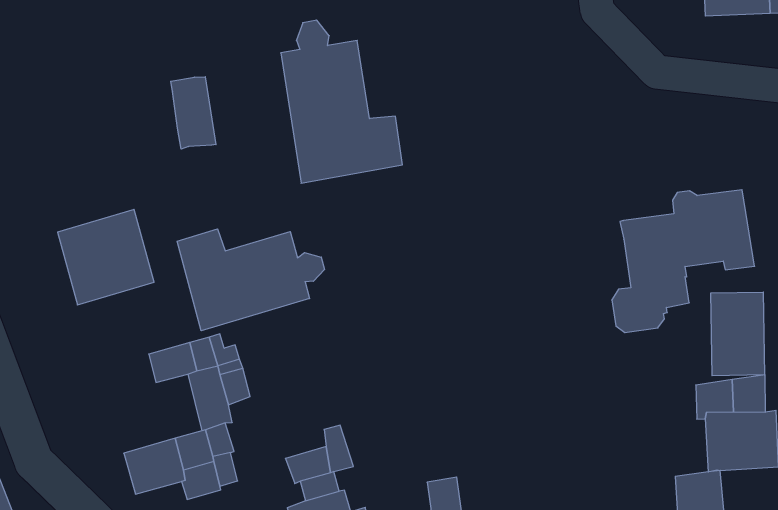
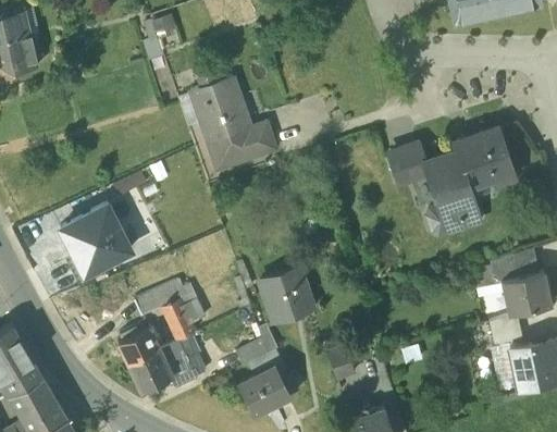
building: [171,77,216,149] -> none
building: none -> [389,146,428,185]
building: [177,229,325,331] -> none
building: [711,292,764,376] -> none
building: none -> [260,269,313,324]
building: none -> [119,323,161,367]

